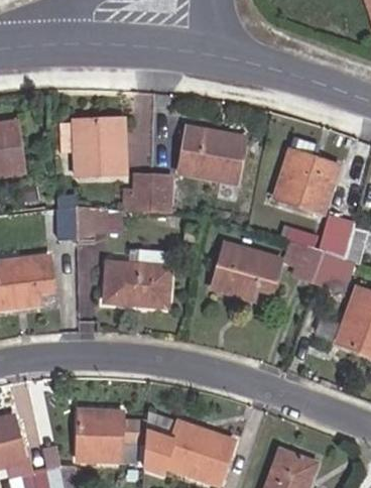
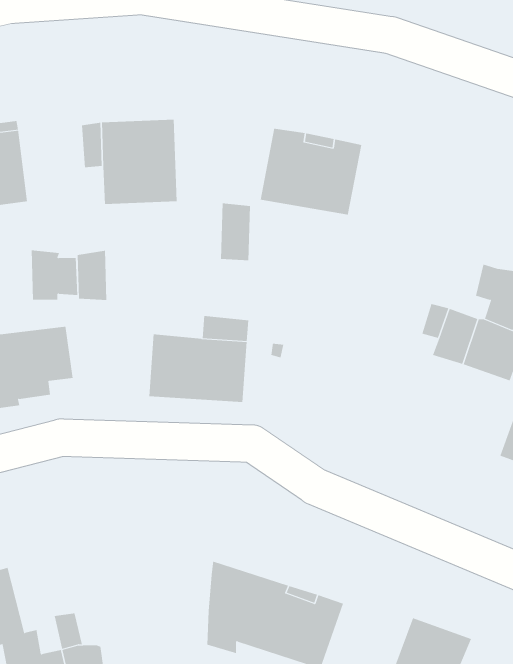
building: [274,148,339,213] -> none
building: [124,174,152,212] -> none
building: [76,206,107,239] -> [31,250,78,300]
building: [212,243,280,300] -> none
building: [77,408,145,461] -> none

